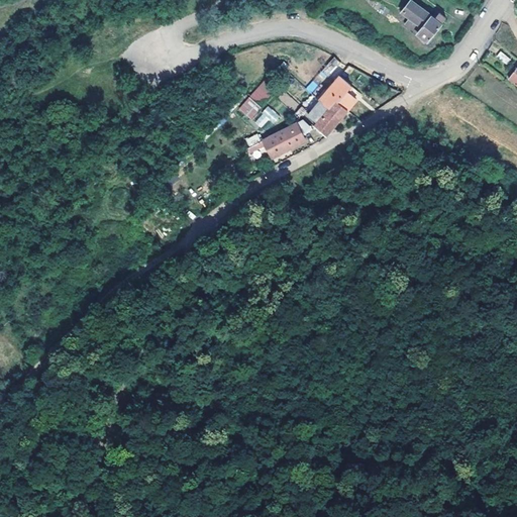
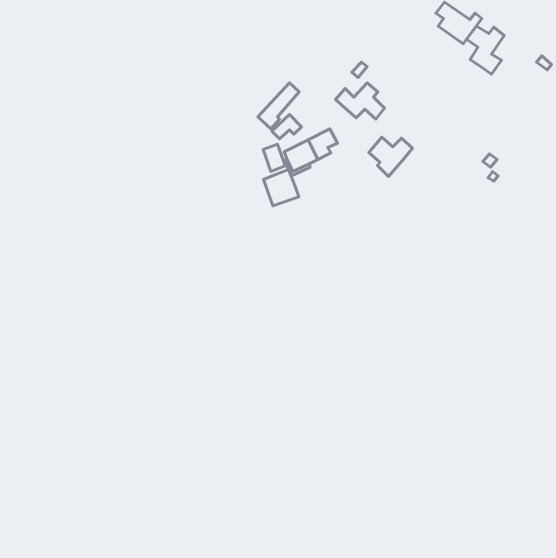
building: none -> [466,26,504,74]
building: [307,100,347,136] -> [369,137,413,176]
building: none -> [263,170,299,206]

